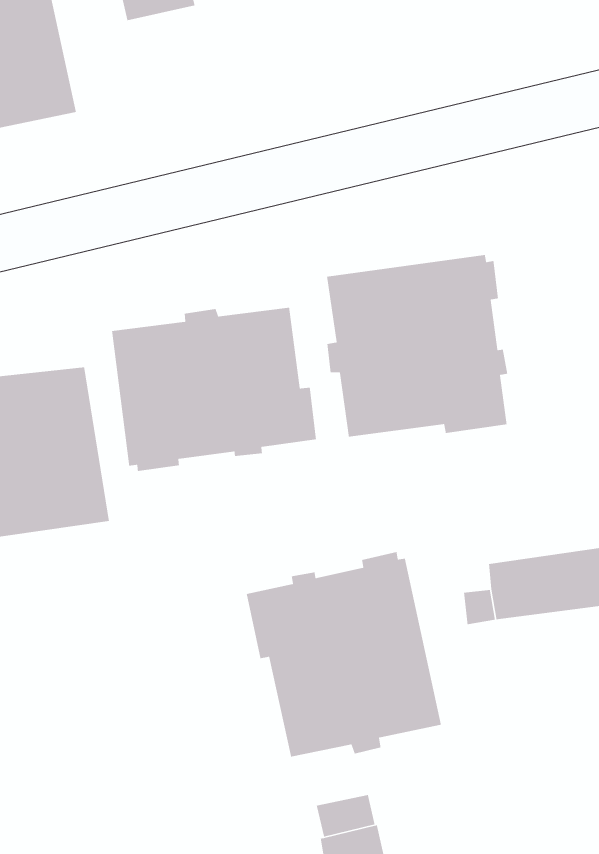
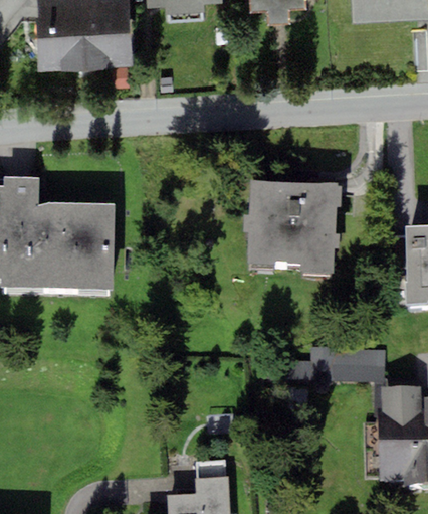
building: [111,307,317,472] -> none
building: [246,551,442,758] -> none

